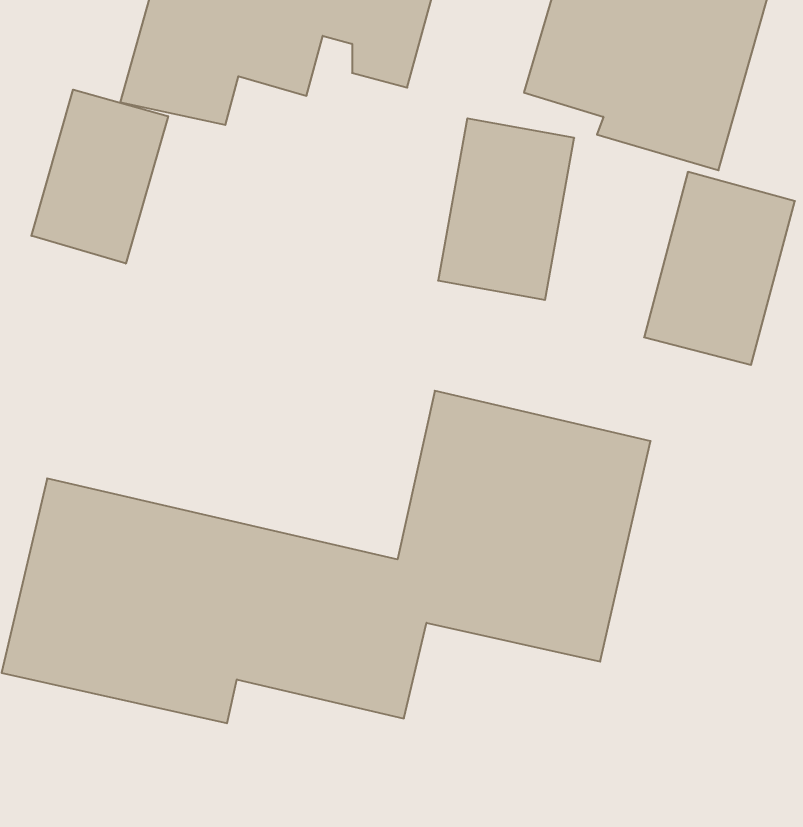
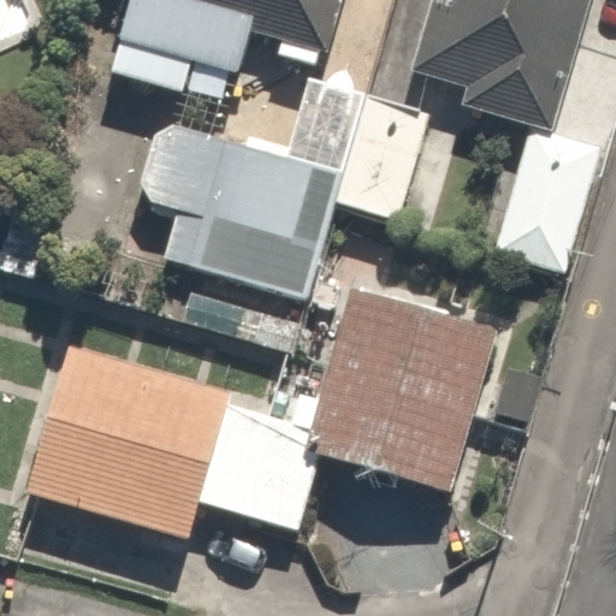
building: [31,90,168,264] -> none
building: none -> [134,120,336,297]

